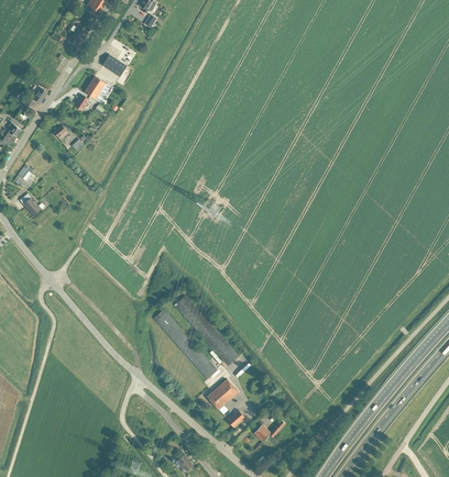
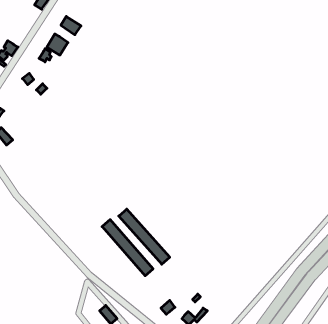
building: [207,379,239,410] -> none

